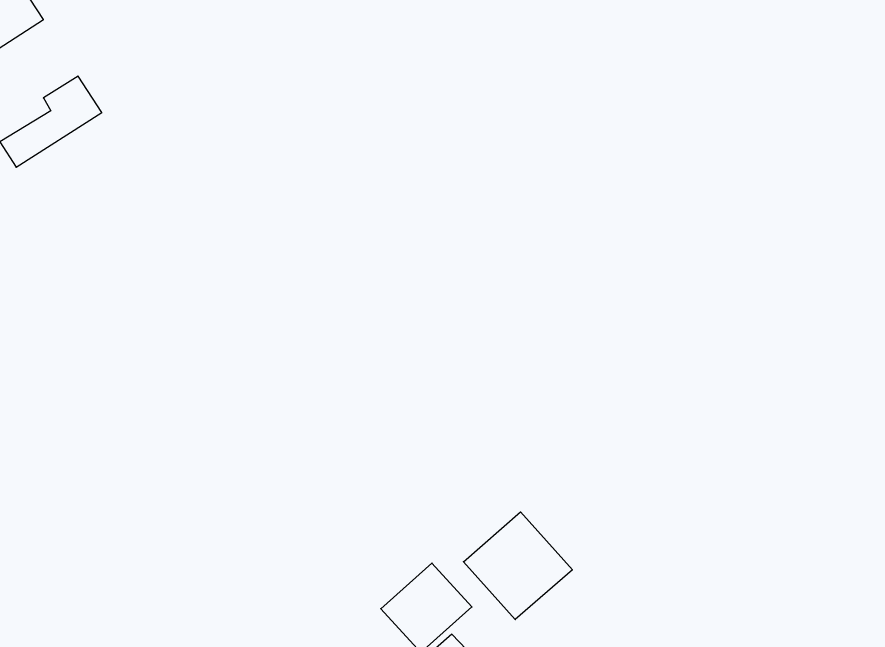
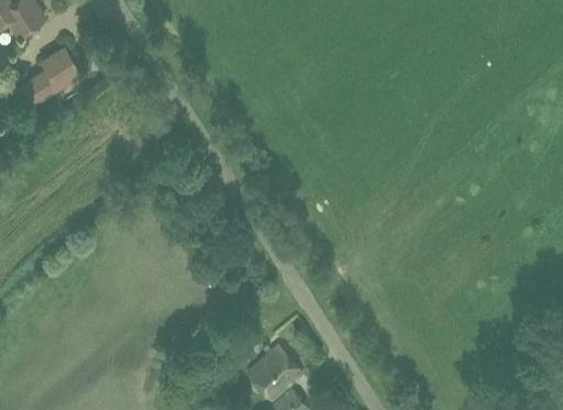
building: [463,512,572,620] -> none

